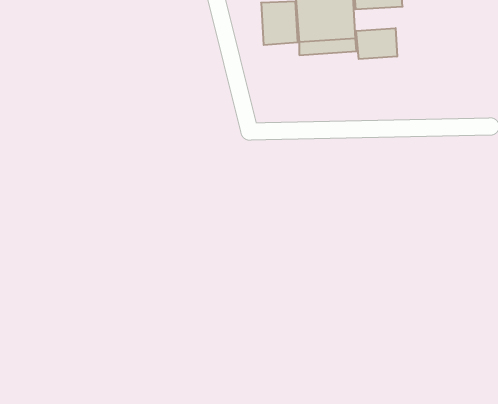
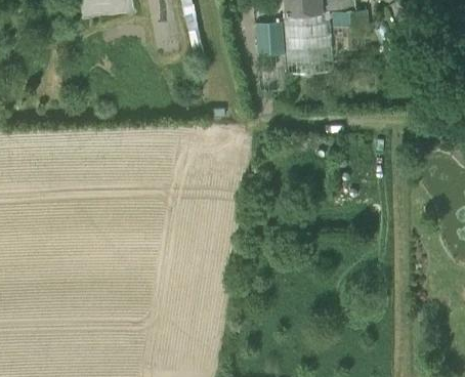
building: [356,28,397,59] -> none

